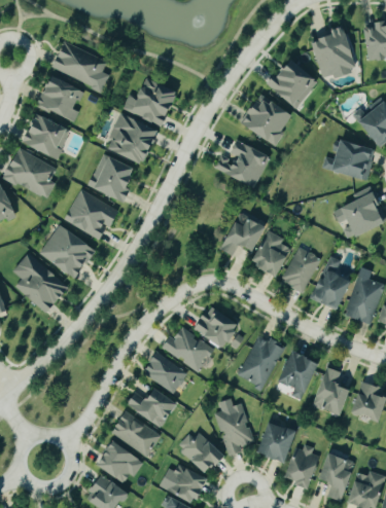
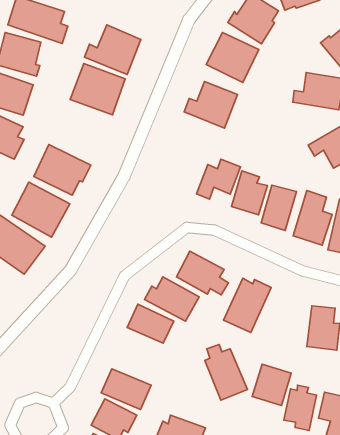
building: [87,152,138,202] -> none
building: [280,351,319,400] -> none
building: [127,386,178,428] -> none
building: [175,432,224,475] -> none

